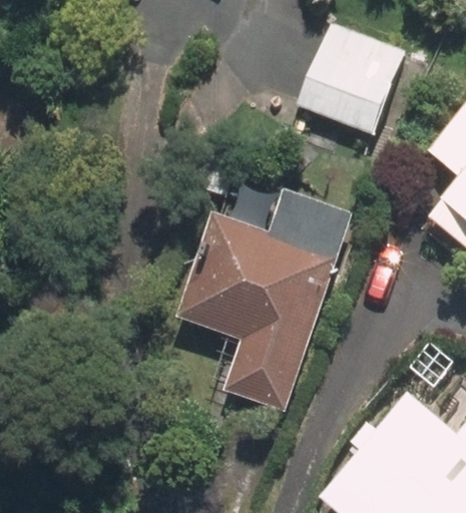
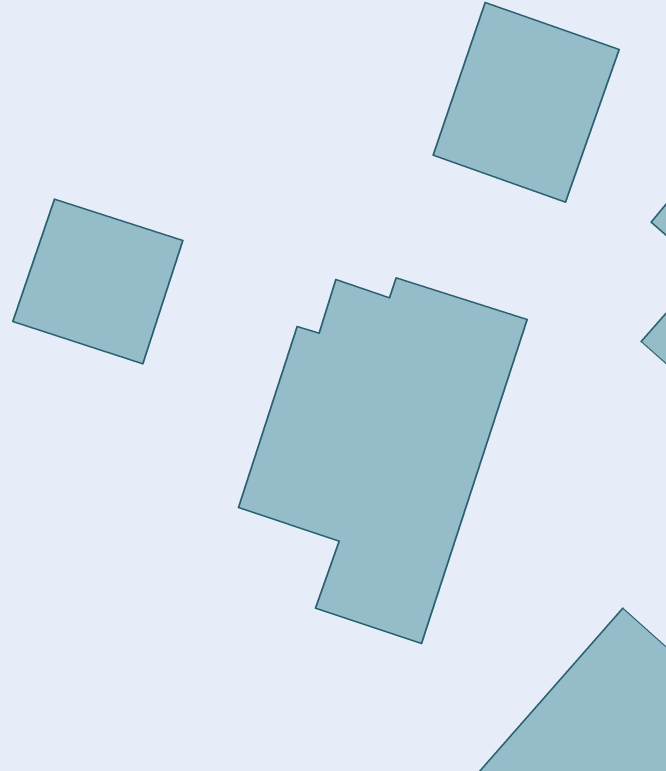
building: none -> [13,199,183,364]

